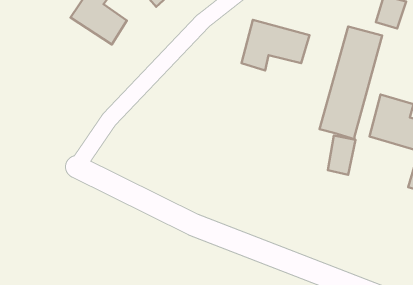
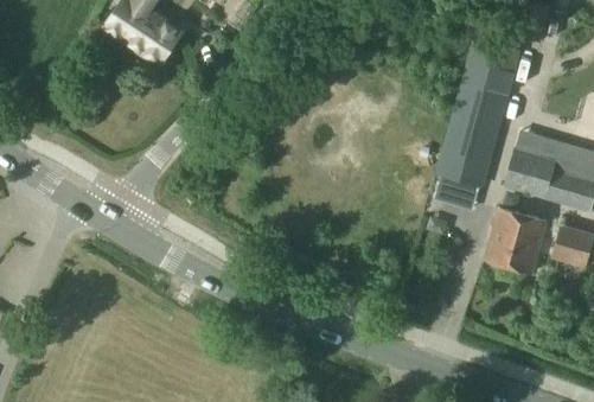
building: [241,20,309,71] -> none
building: none -> [485,206,545,273]

